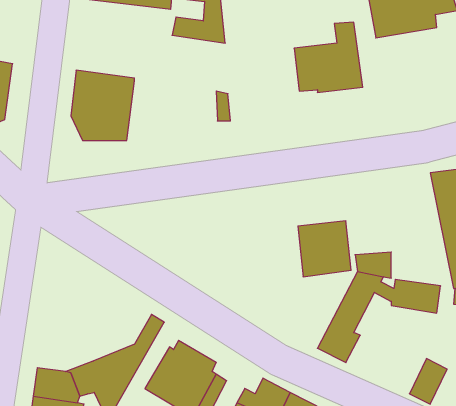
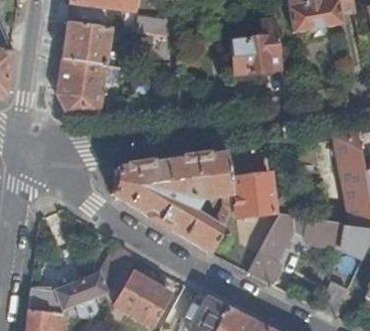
building: none -> [60,21,111,62]
building: none -> [112,153,233,252]

